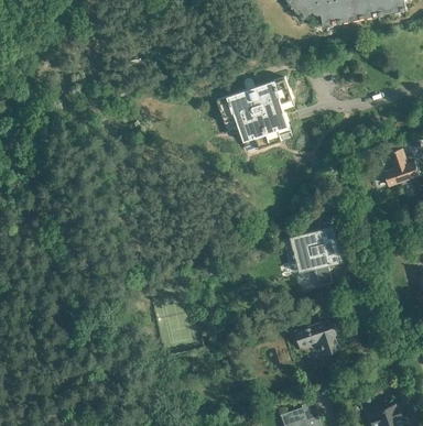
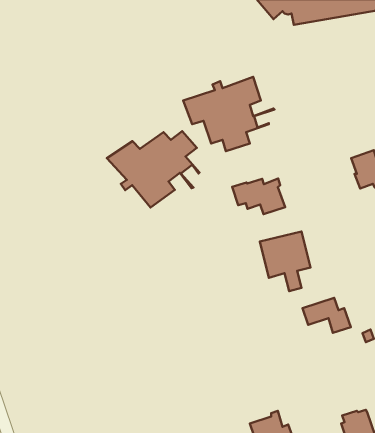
building: none -> [107,131,199,207]
building: none -> [232,179,285,214]
building: [293,320,340,354] -> [302,298,351,333]

